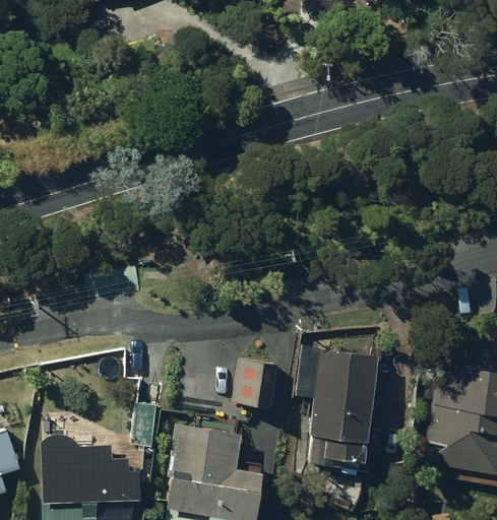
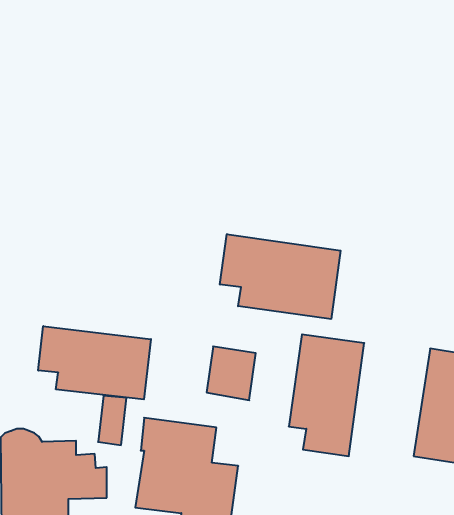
building: none -> [220,234,341,319]
building: none -> [38,326,151,399]

